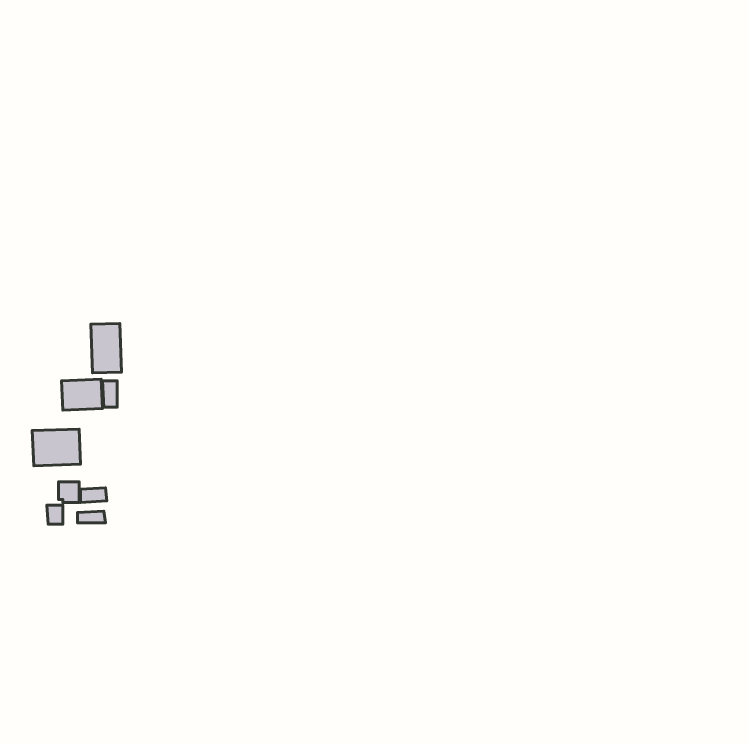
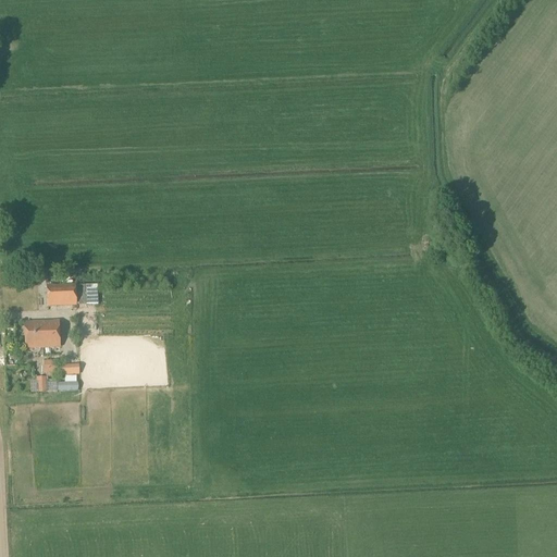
building: [91,323,122,373] -> none

